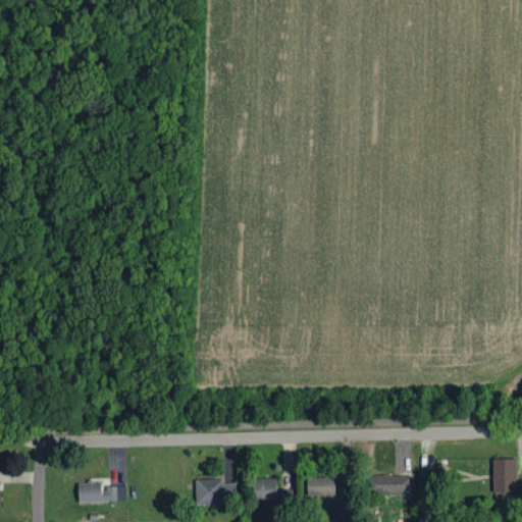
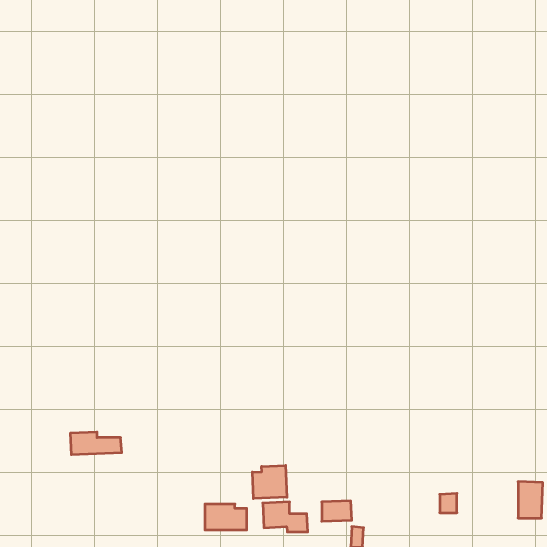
building: none -> [252,465,287,499]
building: [368,474,413,494] -> none
building: [79,480,127,502] -> [70,432,122,455]

